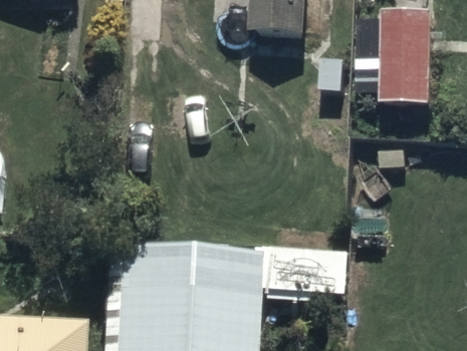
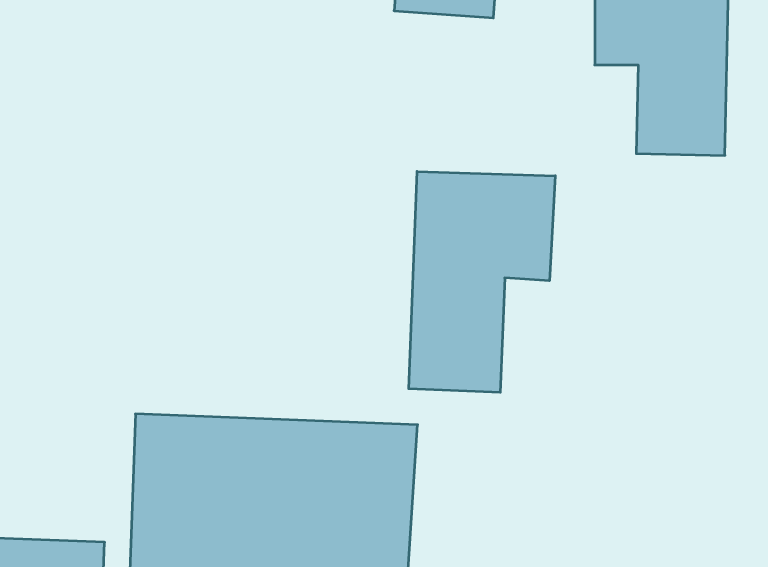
building: none -> [409,171,555,392]

